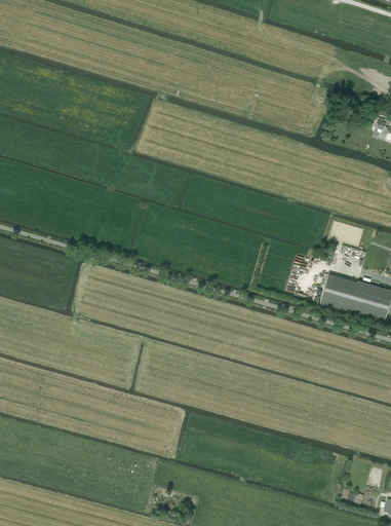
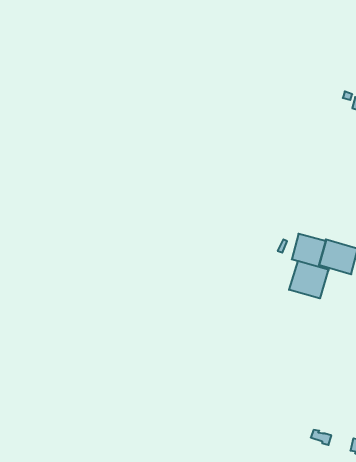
building: none -> [289,261,329,298]

